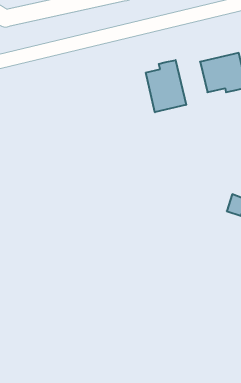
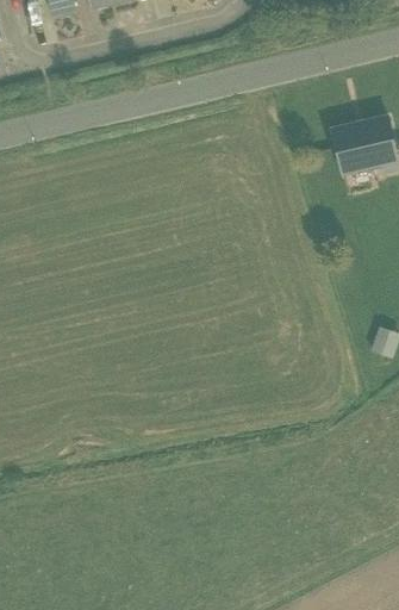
building: [146,60,186,112] -> none

